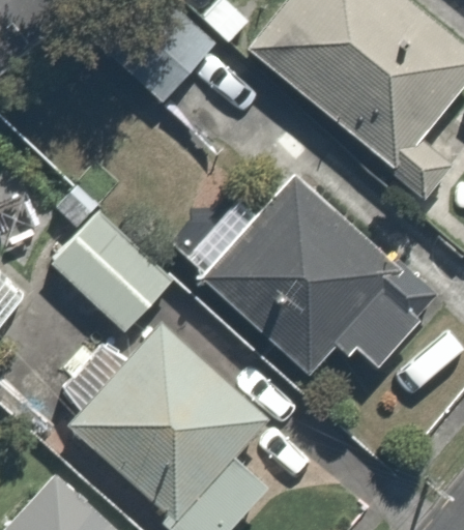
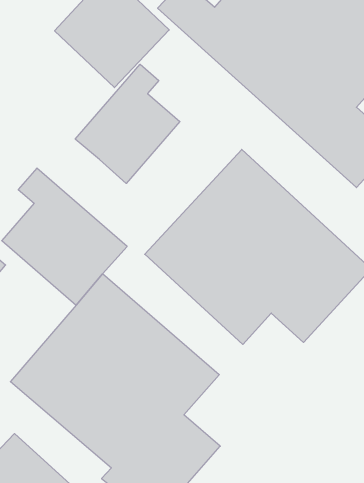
building: none -> [75,64,180,183]

